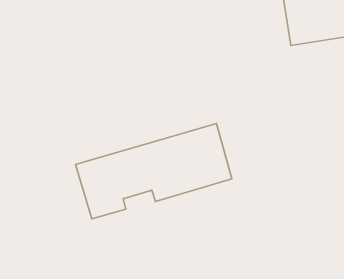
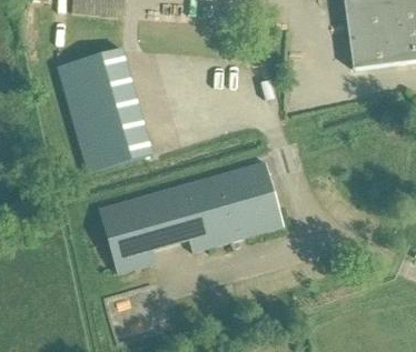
building: none -> [56,46,152,171]

